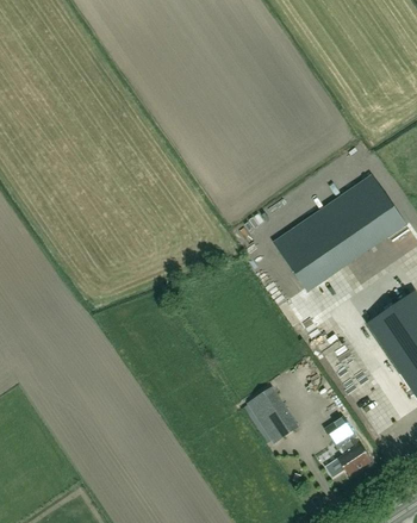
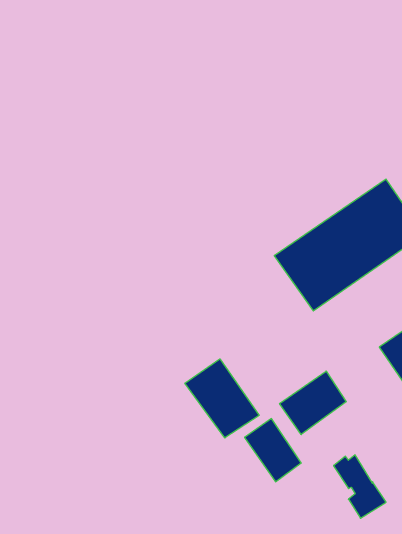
building: none -> [185,359,259,438]
building: none -> [280,371,346,435]

